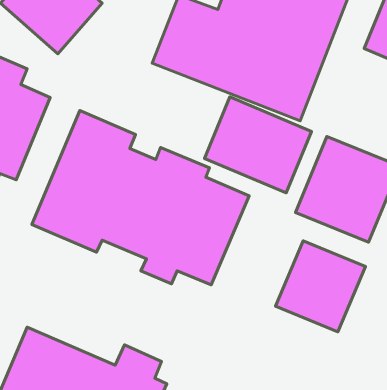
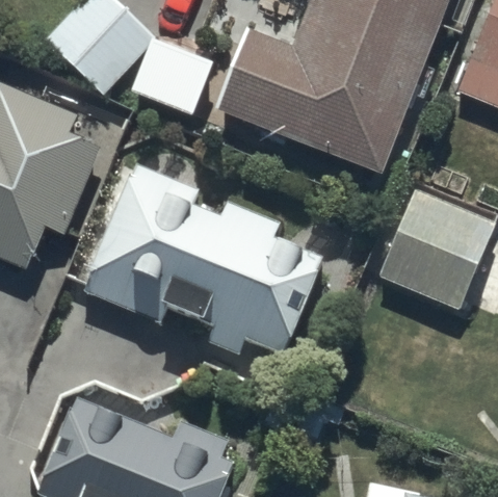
building: [204,97,312,193] -> none
building: [276,241,365,332] -> none

